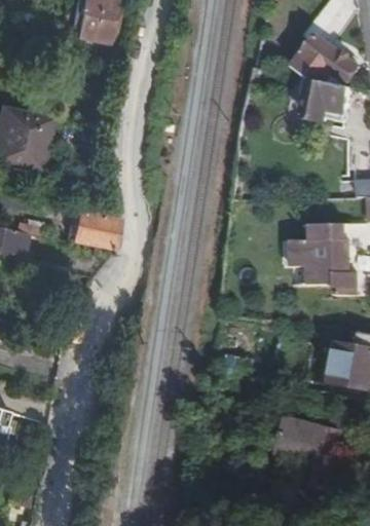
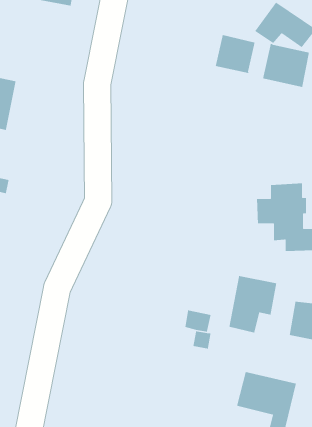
building: none -> [215,34,255,74]
building: [72,211,119,248] -> none
building: none -> [228,275,277,333]

